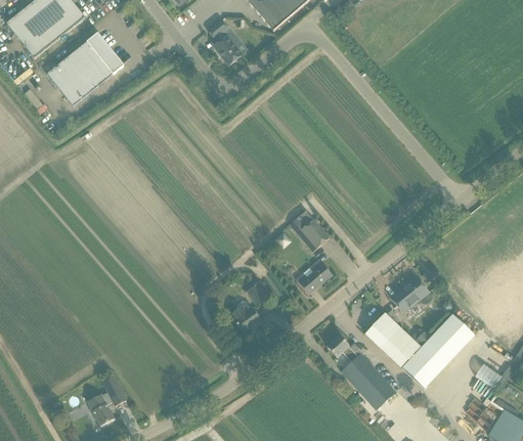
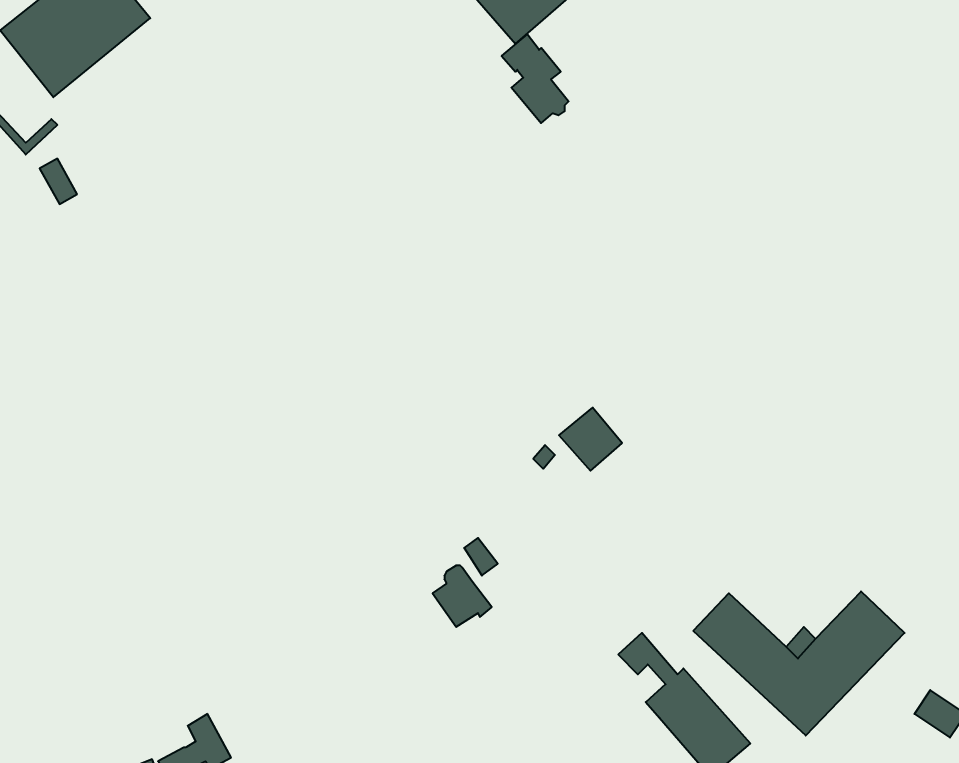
building: [208,18,243,64] -> [502,34,569,123]
building: [46,33,123,105] -> none
building: [296,259,332,294] -> none
building: [390,277,431,312] -> none

